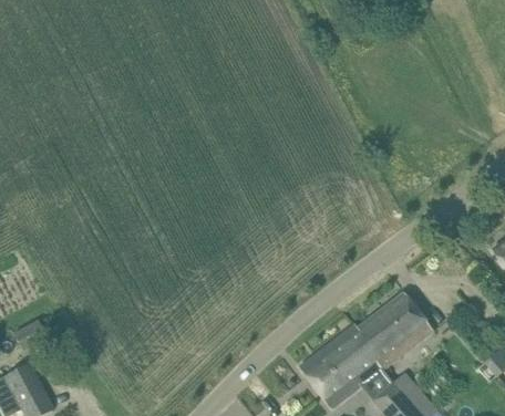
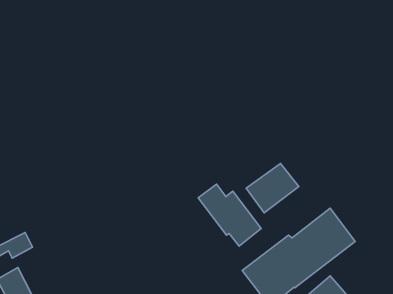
building: none -> [246,163,299,213]
building: none -> [198,184,261,246]

